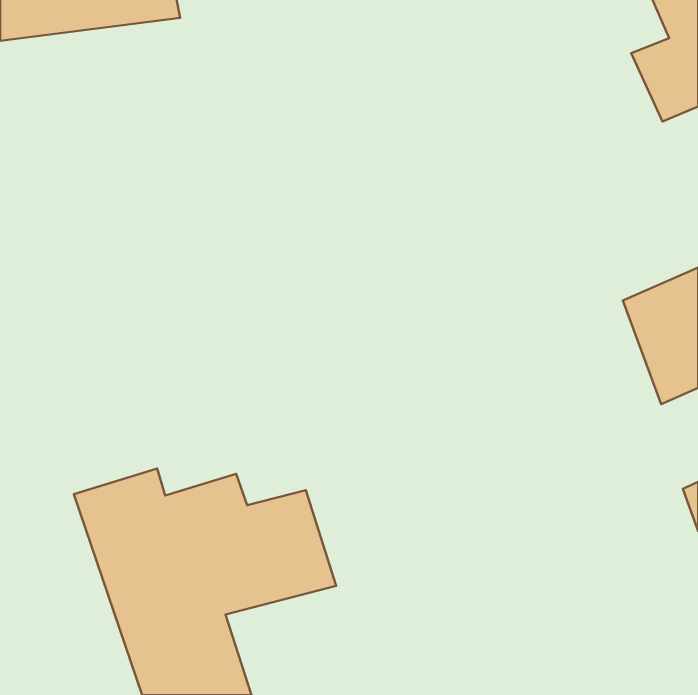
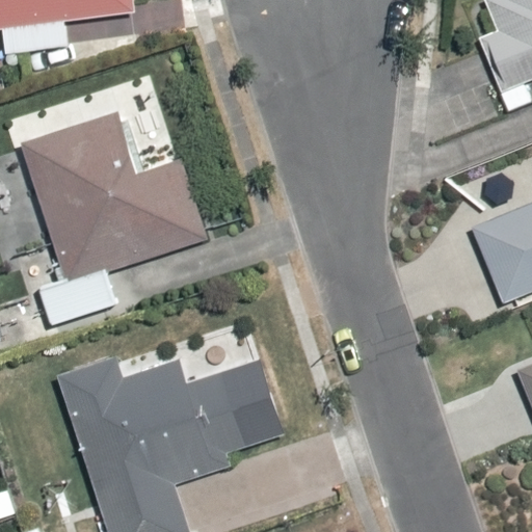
building: none -> [21,114,208,281]

